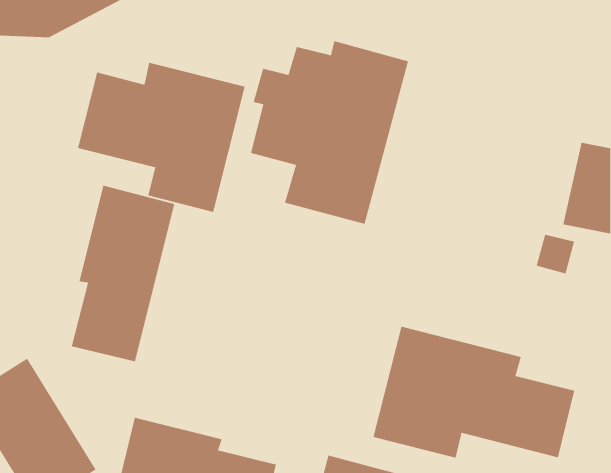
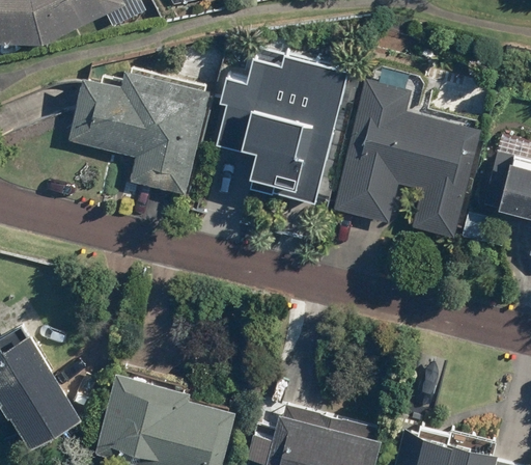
building: none -> [330,75,481,238]
building: [71,185,175,362] -> none
building: [373,326,575,458] -> none

